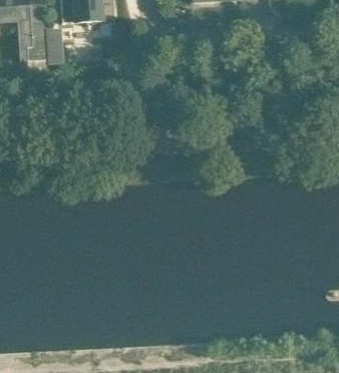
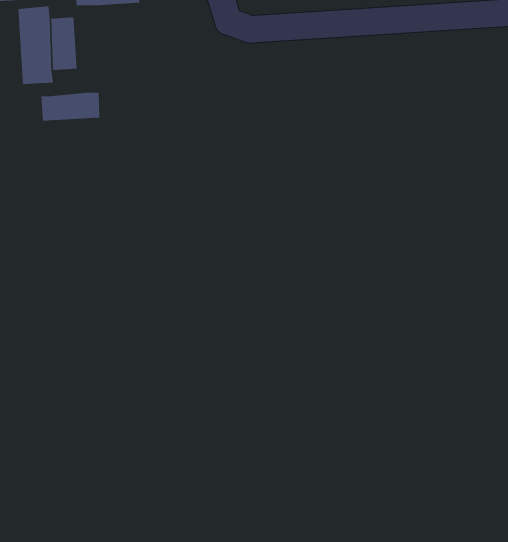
building: none -> [41,92,100,121]

